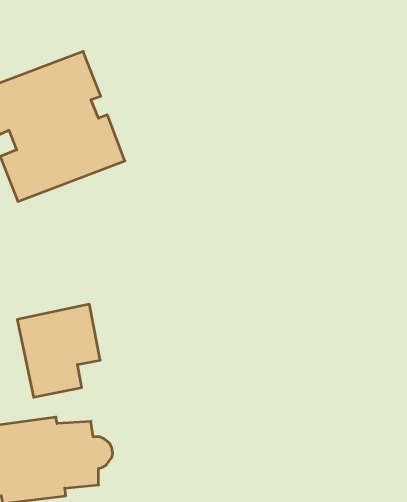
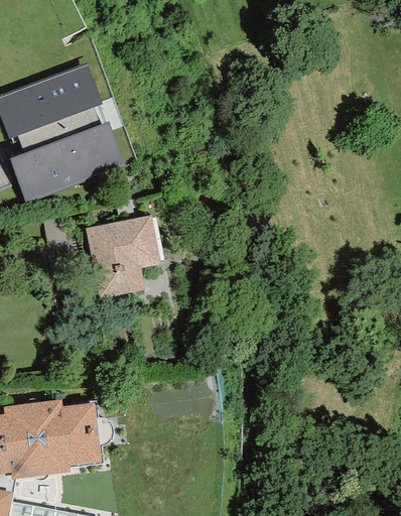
building: [17,304,100,397] -> [85,214,161,299]

